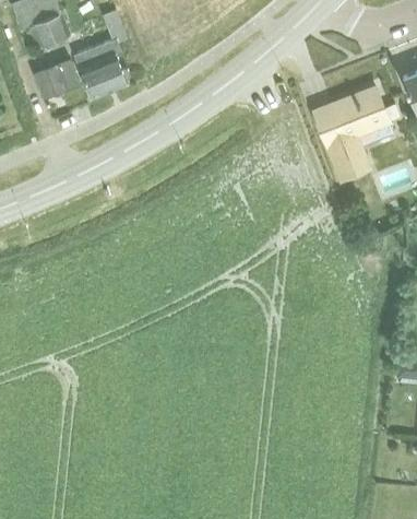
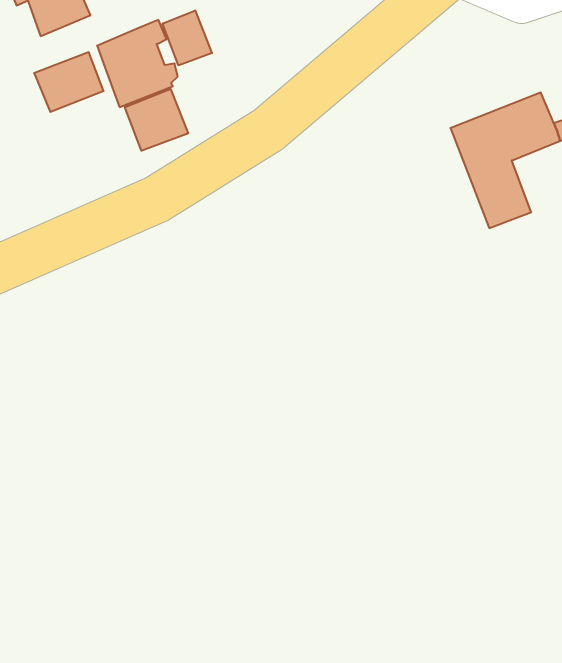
building: none -> [163,10,212,65]
building: none -> [125,89,188,151]

